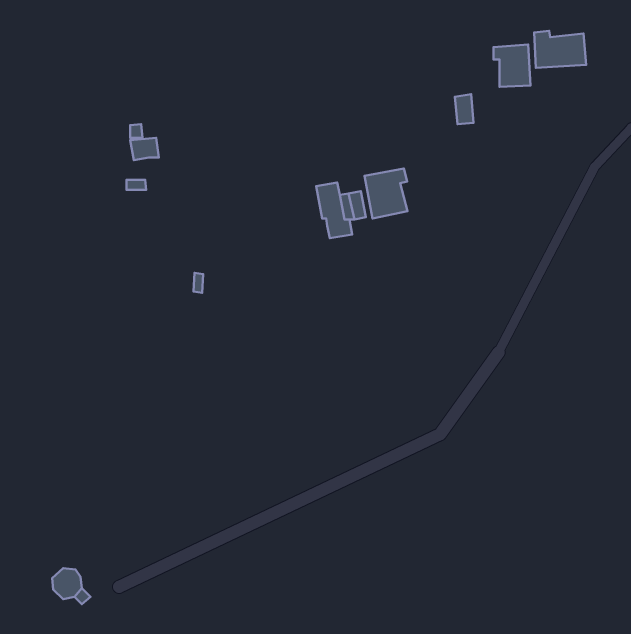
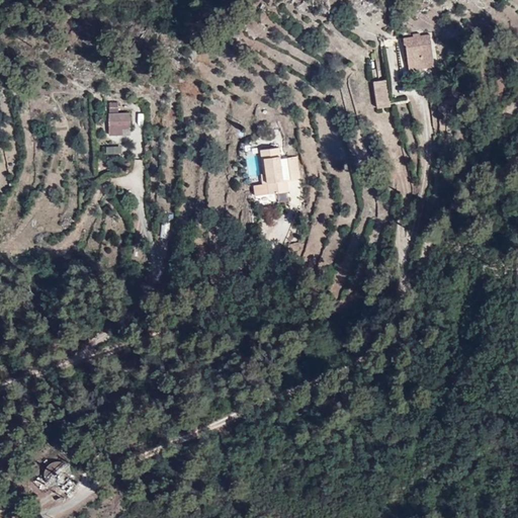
building: [534,31,586,68] -> none
building: [364,169,408,219] -> none

